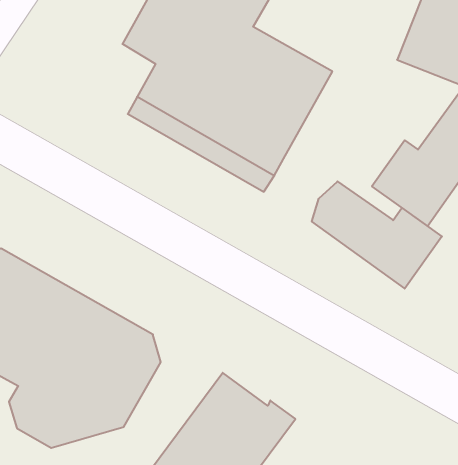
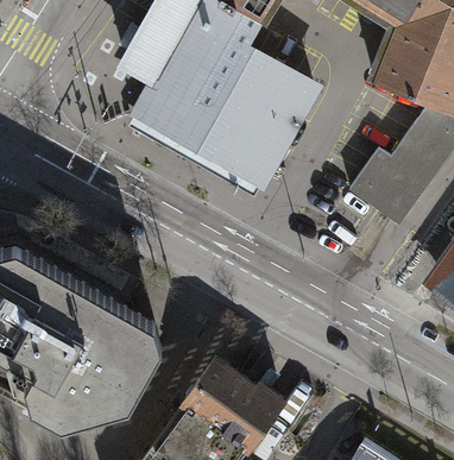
building: [312,181,442,289] -> none

